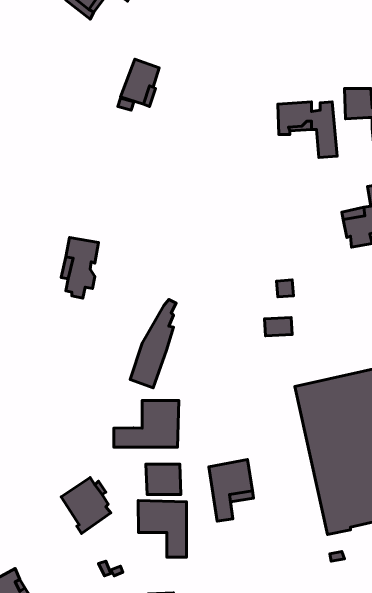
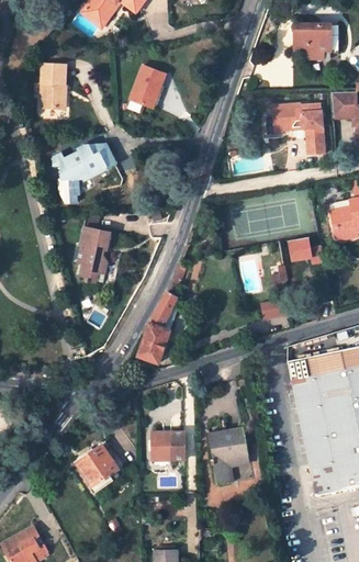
building: none -> [295,24,333,59]
building: none -> [40,64,66,109]
building: none -> [58,144,115,202]
building: none -> [287,236,312,260]
building: [114,401,179,447] -> none
building: [138,501,186,557] -> none

